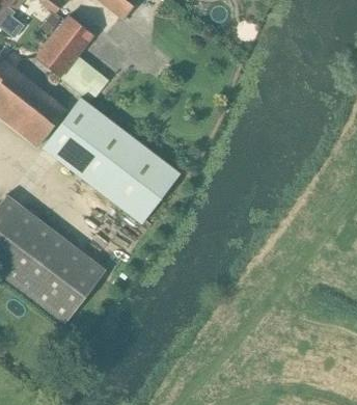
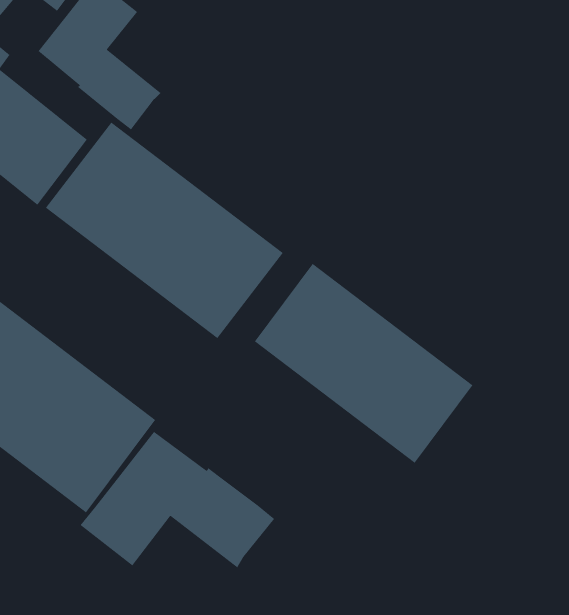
building: none -> [254,263,474,464]
building: none -> [79,431,275,568]

